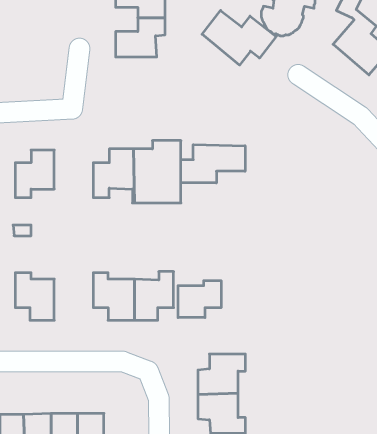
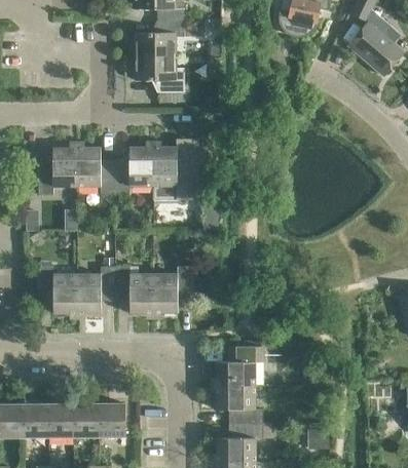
building: [202,10,276,65] -> none
building: none -> [136,57,184,92]
building: [181,145,245,183] -> none
building: none -> [76,148,114,194]
building: none -> [76,266,114,313]
building: [178,281,221,318] -> none

